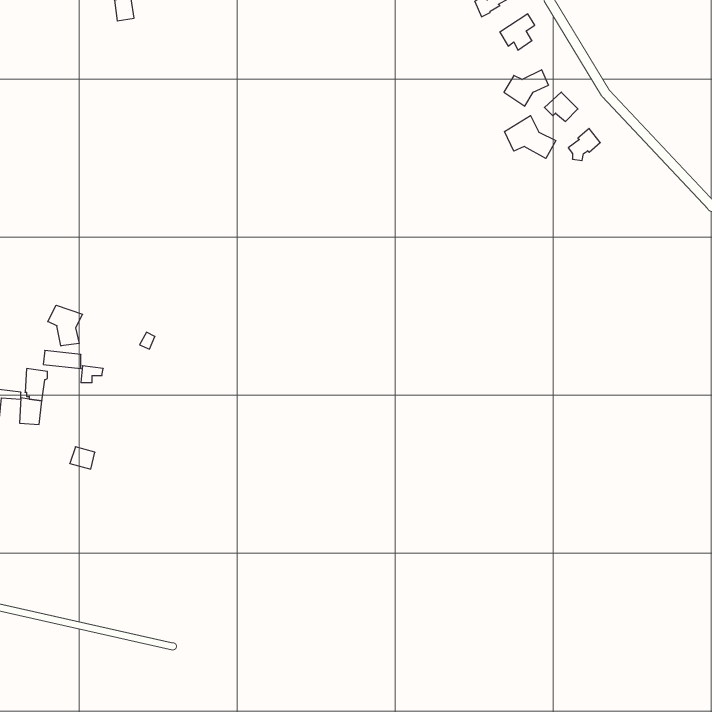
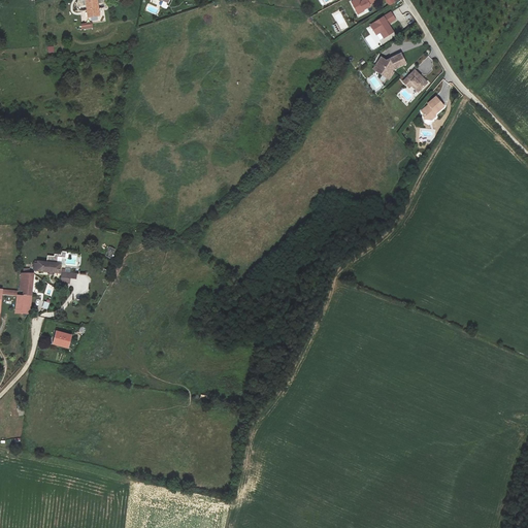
building: [505,116,556,158] -> none
building: [48,305,83,346] -> none

